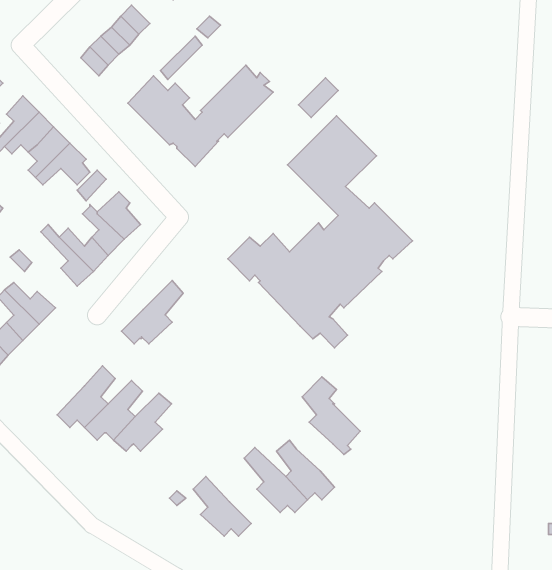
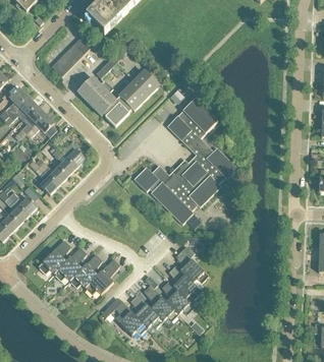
building: [122,281,183,344] -> [85,257,119,293]
building: none -> [168,264,201,298]
building: none -> [130,294,163,327]

